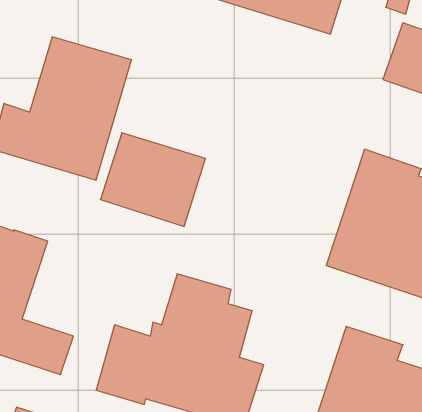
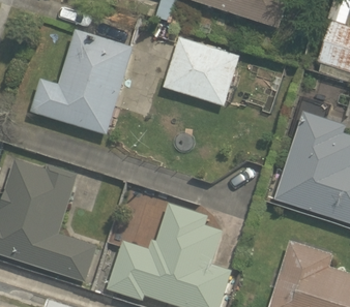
building: [100,133,205,226] -> [163,37,239,105]

